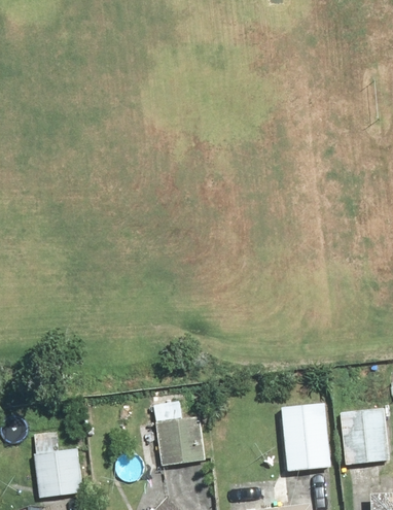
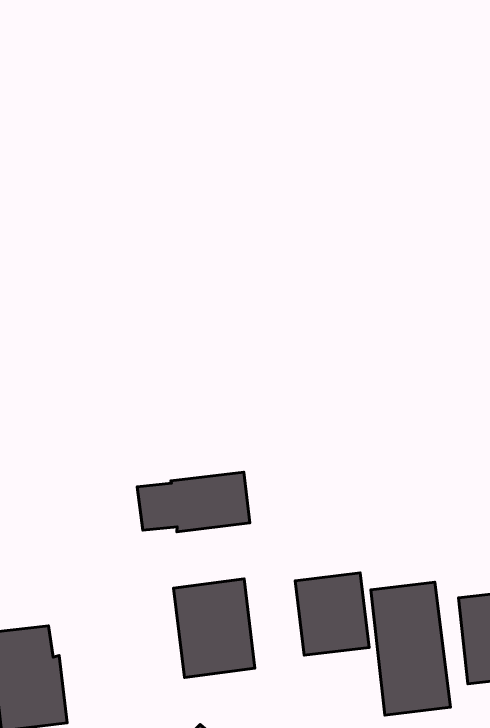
building: none -> [137,472,250,532]
building: none -> [295,573,369,655]

